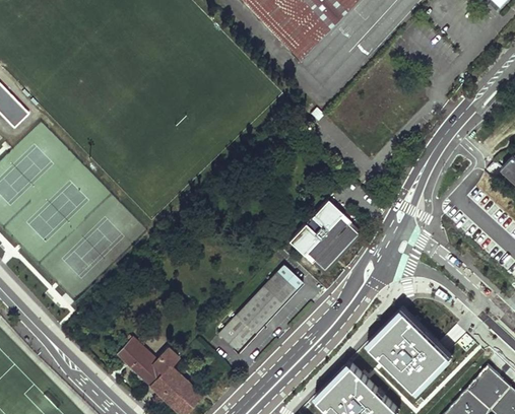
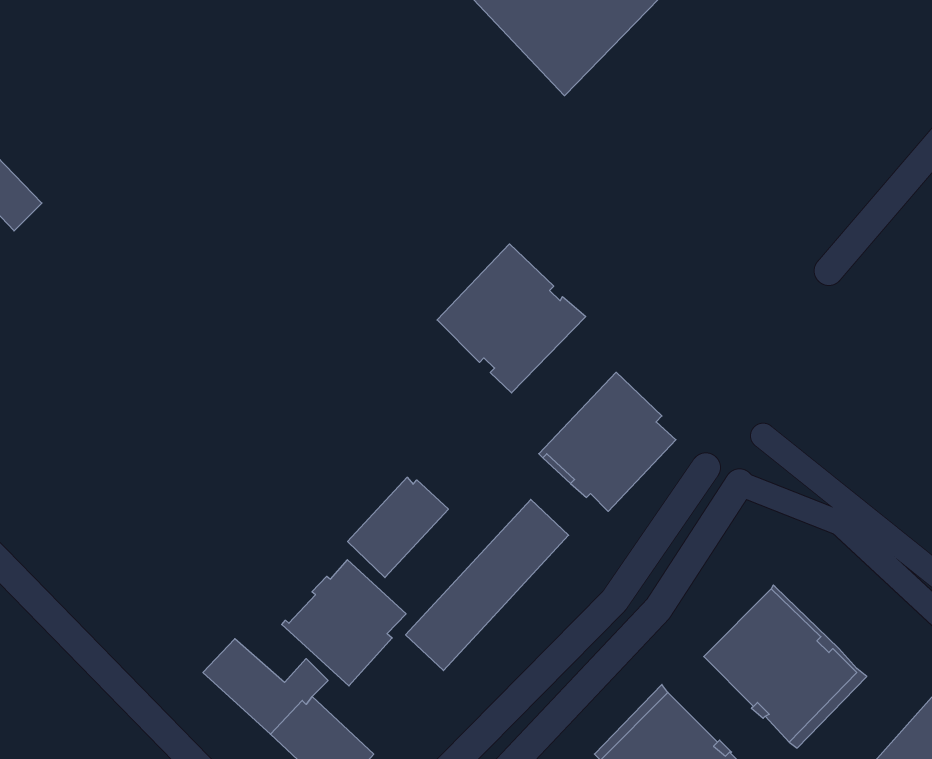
building: none -> [437,244,586,393]
building: none -> [348,477,448,578]
building: none -> [282,560,406,686]

